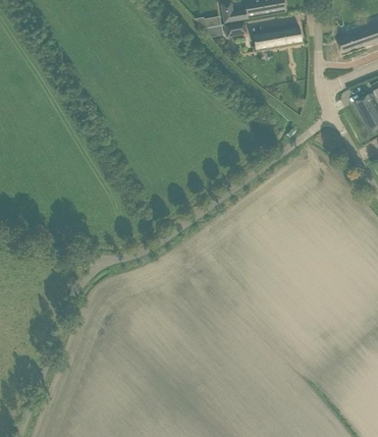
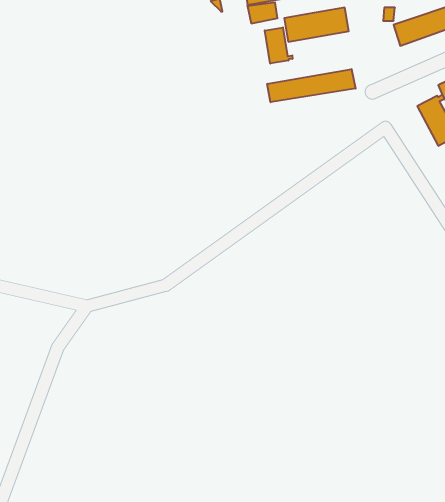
building: none -> [265,27,292,64]
building: none -> [267,69,356,102]

